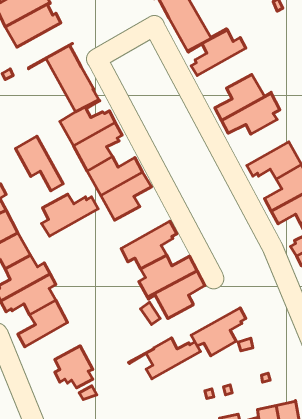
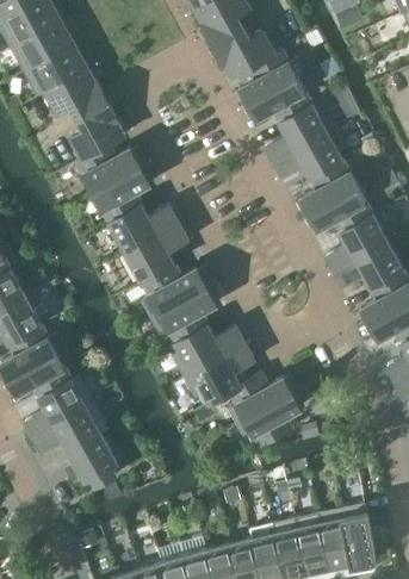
building: none -> [24,42,92,96]
building: none -> [244,73,311,122]
building: none -> [298,160,357,216]
building: [15,136,63,191] -> none
building: [42,194,98,236] -> [142,266,211,317]
building: none -> [33,407,101,453]
building: [128,338,201,379] -> [209,373,297,423]

